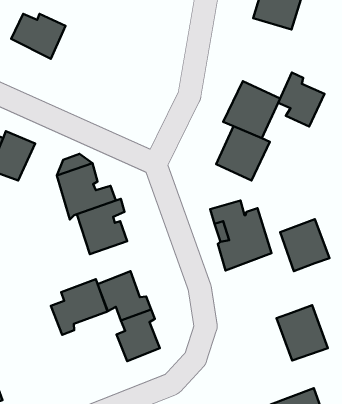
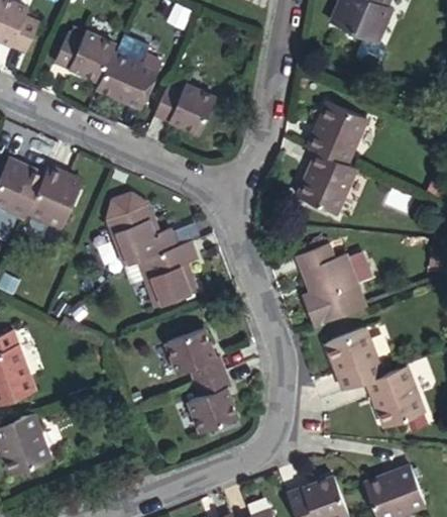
building: none -> [103,44,160,101]
building: none -> [157,76,219,126]
building: [278,72,325,127] -> none
building: [280,219,329,271] -> [328,328,385,389]
building: [51,279,107,335] -> none

